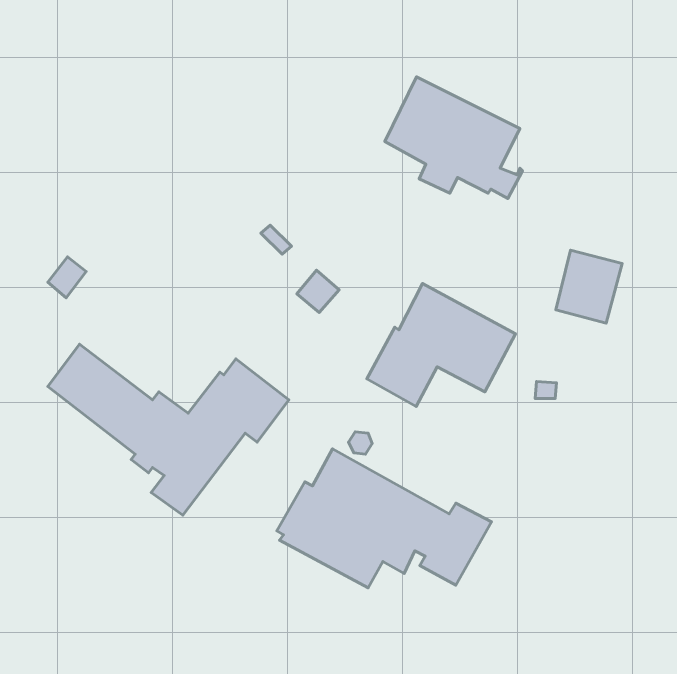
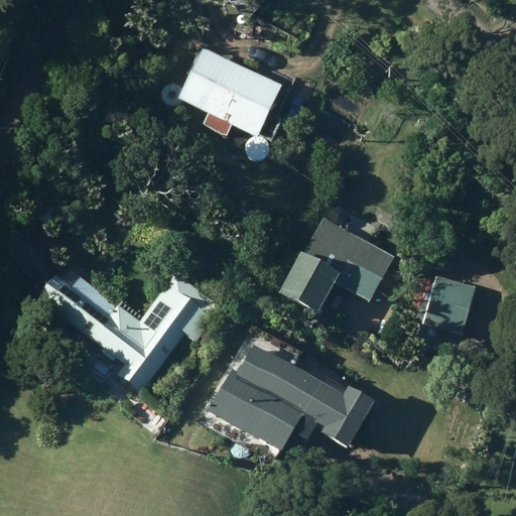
building: [385,77,523,199] -> [177,46,282,139]
building: [556,250,622,323] -> [424,277,475,333]

